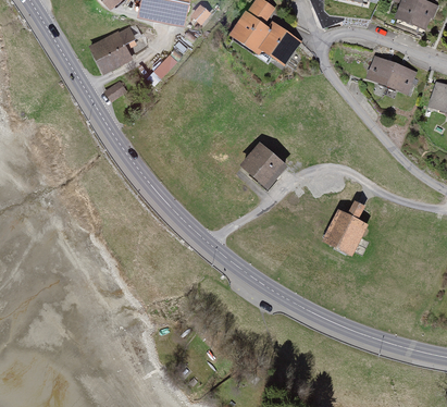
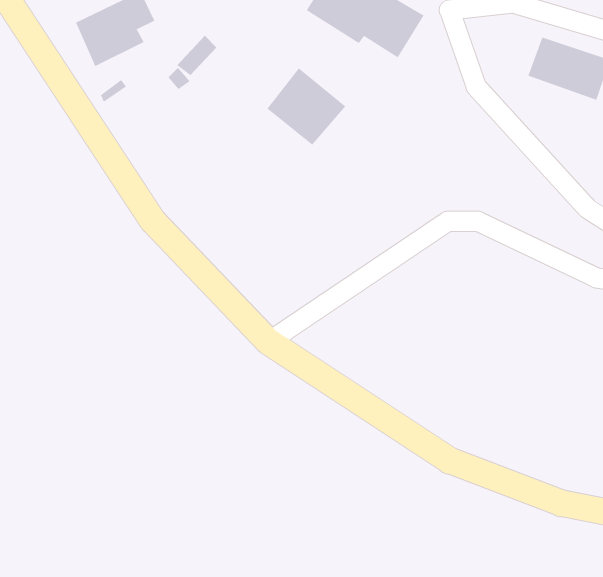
building: [239,140,288,188] -> [266,68,346,146]
building: [323,197,368,252] -> none

